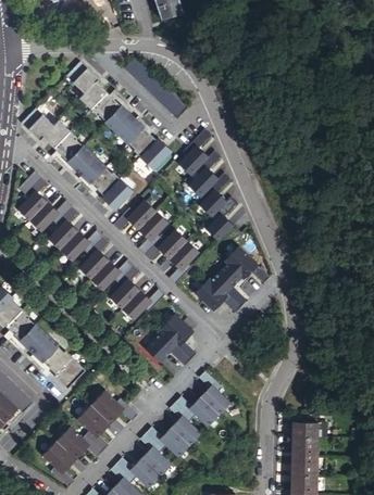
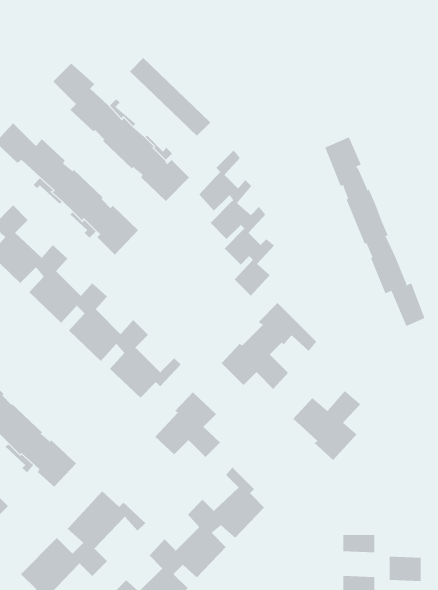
building: none -> [324,136,425,327]
building: [114,200,199,284] -> none
building: none -> [292,390,361,461]
building: [289,437,314,457] -> [389,556,421,582]

